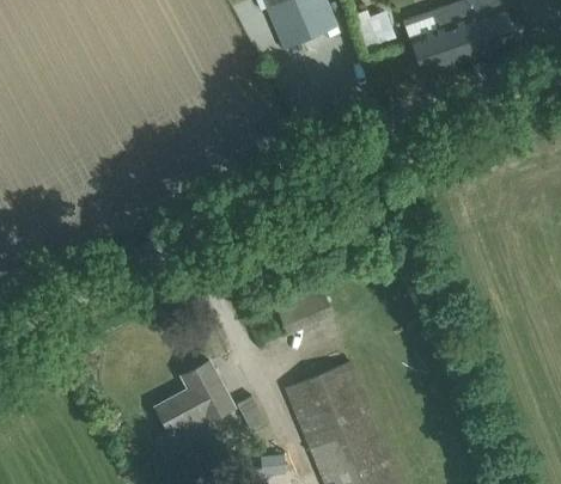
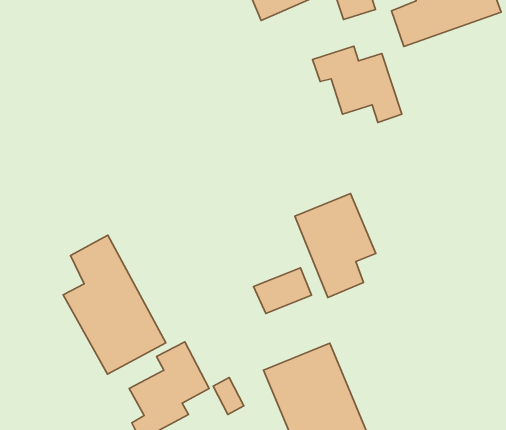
building: none -> [313,46,402,122]
building: none -> [295,194,376,297]
building: none -> [63,235,166,374]

